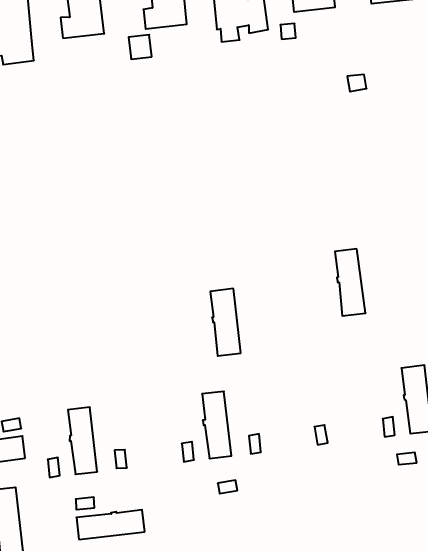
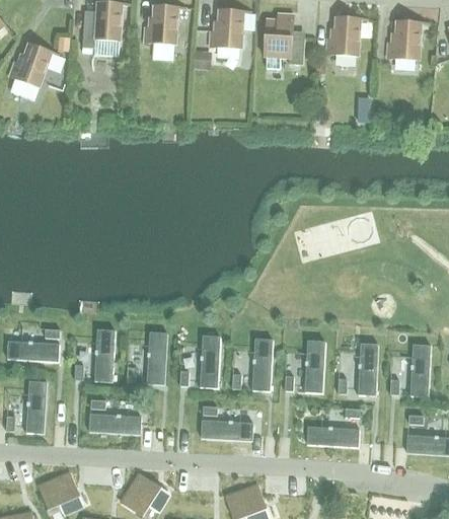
building: [335,249,366,316] -> [304,340,324,391]
building: [210,289,241,356] -> [251,338,273,389]
building: none -> [146,330,167,383]
building: none -> [306,425,359,446]
building: none -> [201,419,252,439]

